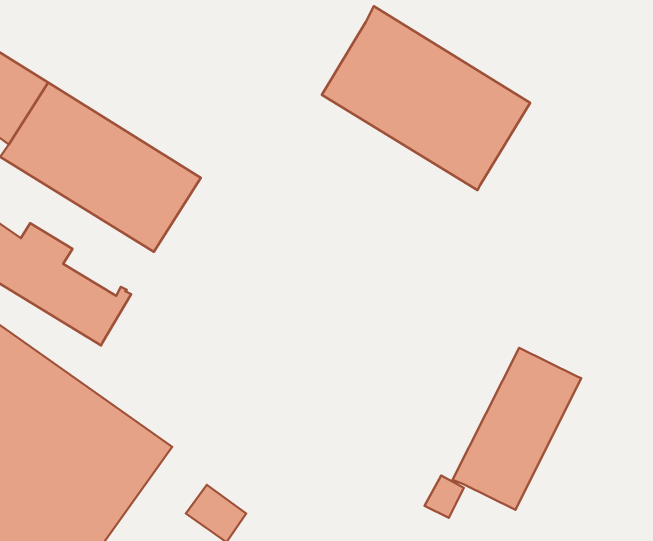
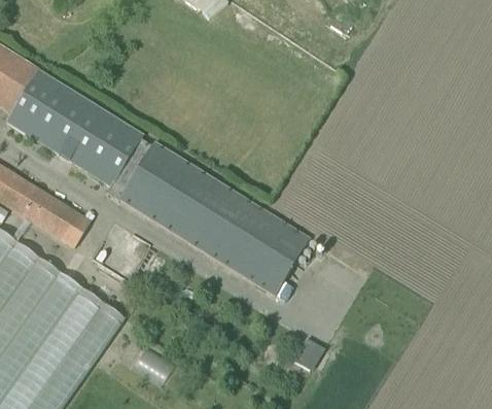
building: [322,6,530,190] -> none
building: none -> [106,137,309,294]
building: [452,348,581,510] -> none

